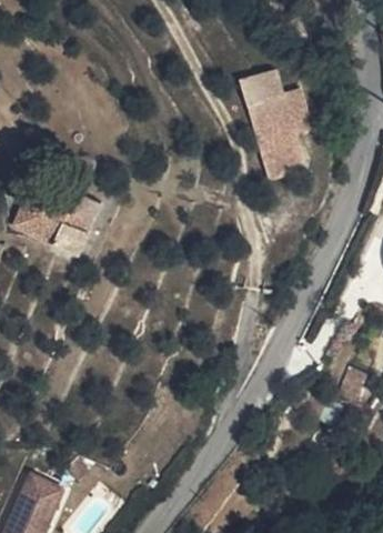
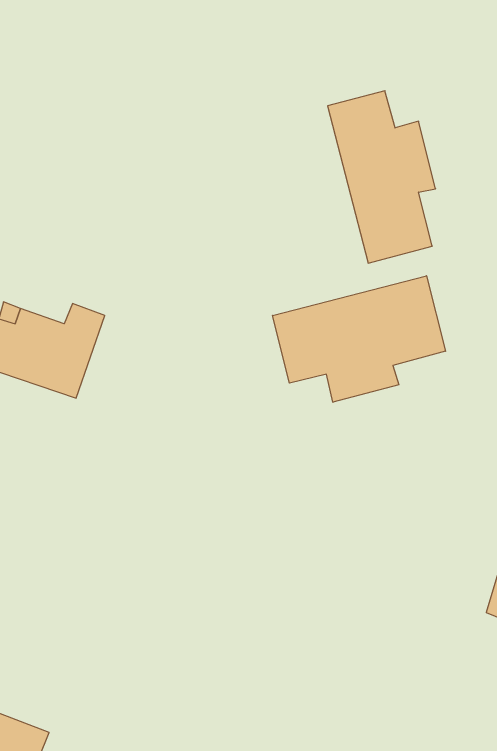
building: none -> [273,276,446,402]

